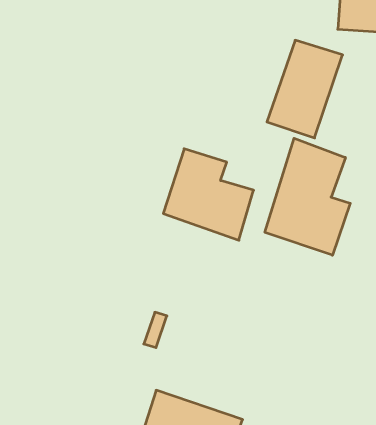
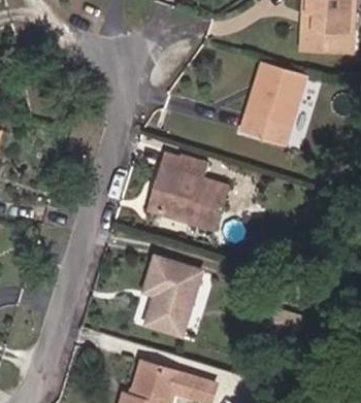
building: [265,138,350,255] -> none
building: none -> [149,259,204,337]

